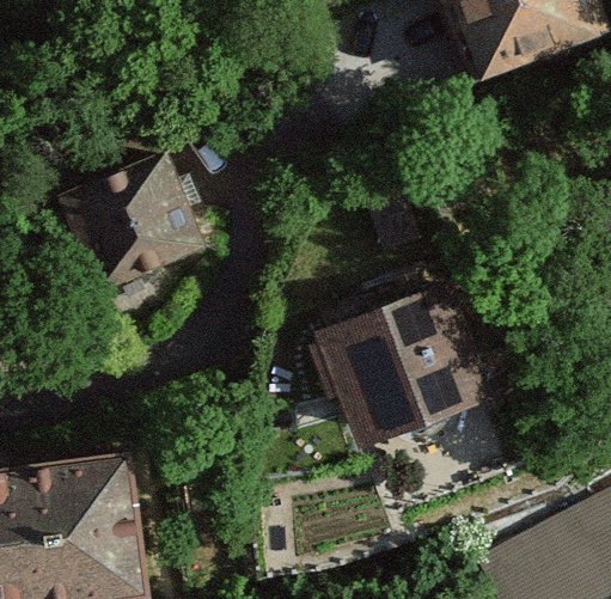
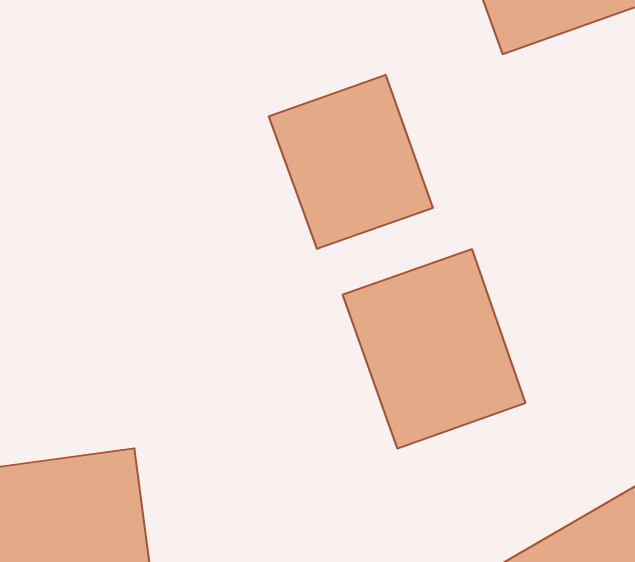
building: none -> [269,75,433,249]
building: [56,152,204,298] -> none

